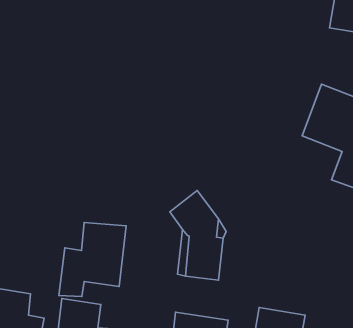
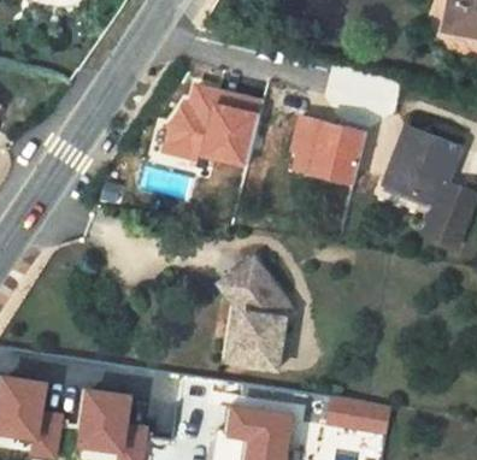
building: none -> [164,83,263,166]
building: none -> [285,113,366,187]
building: [59,223,126,296] -> none

